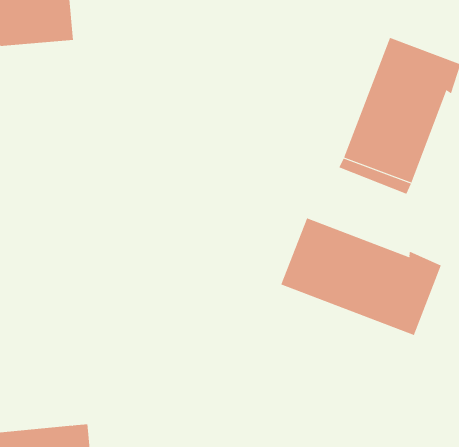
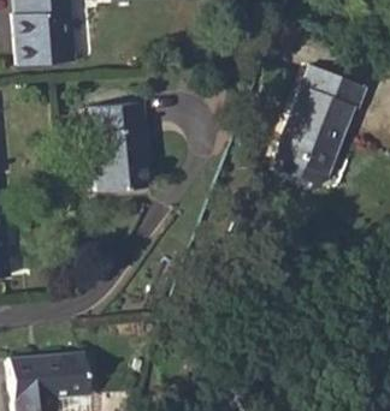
building: none -> [88,106,146,195]
building: [280,218,442,336] -> none

